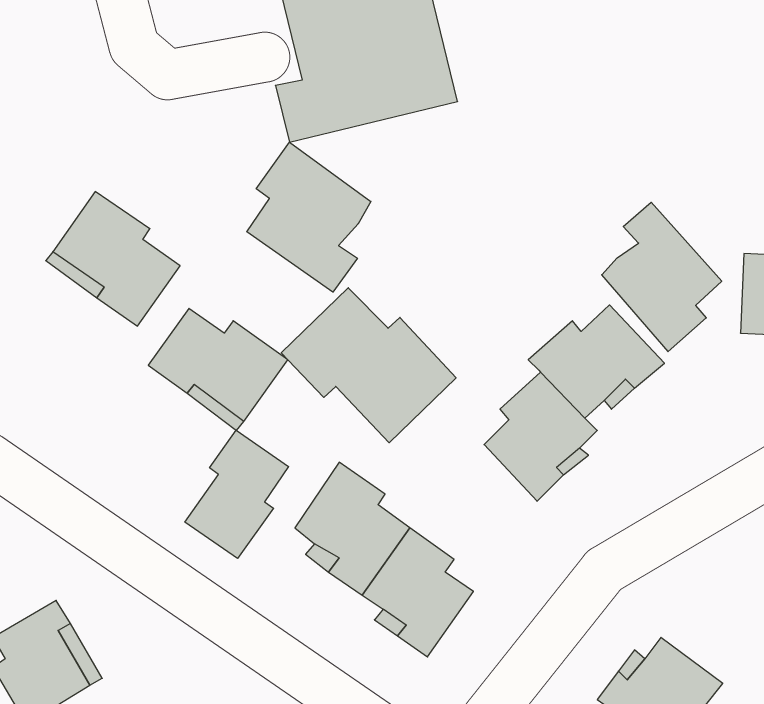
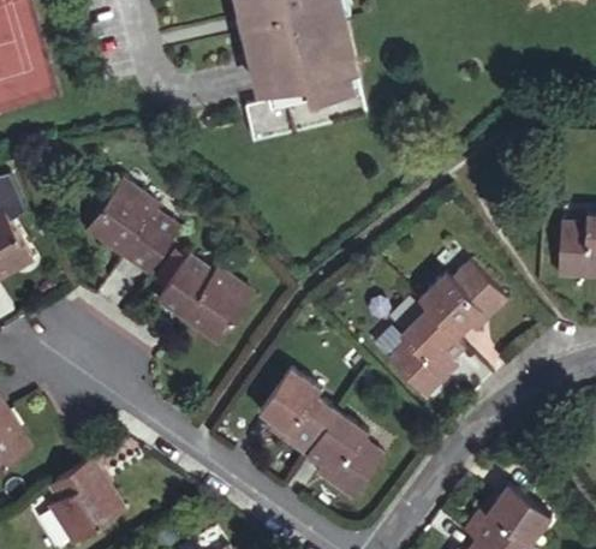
building: [247,142,371,292] -> none
building: [602,202,722,352] -> none
building: [281,288,456,443] -> none
building: [185,430,289,558] -> none

